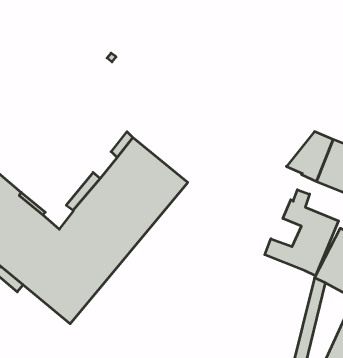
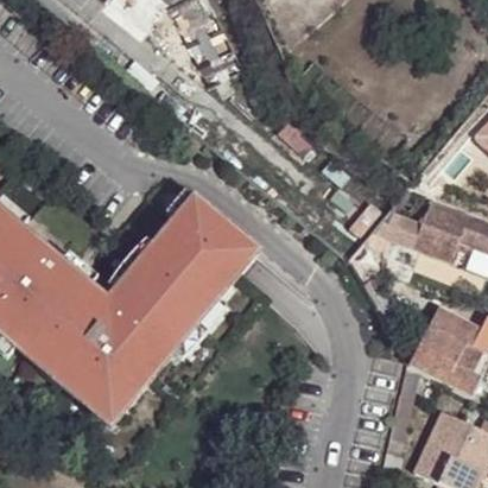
building: [265,190,339,276] -> none

